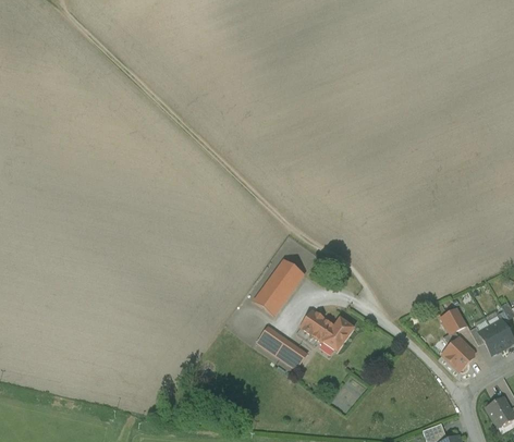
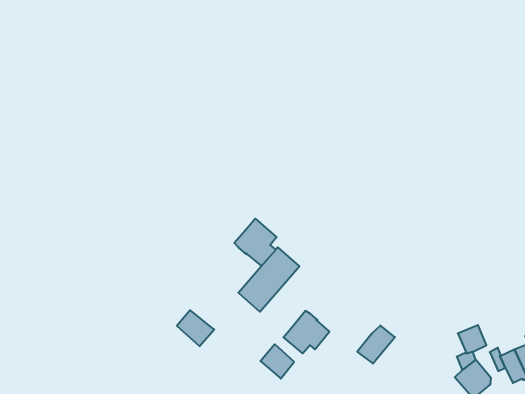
building: none -> [234,219,277,266]
building: [322,318,353,351] -> [357,325,395,364]
building: [257,327,289,356] -> [177,310,214,346]

